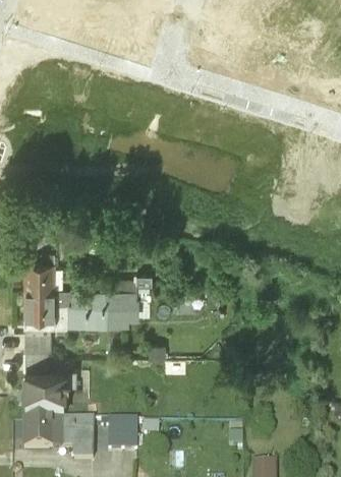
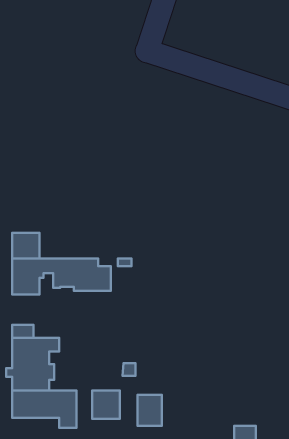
building: [24,334,51,356] -> none
building: none -> [137,395,162,426]

